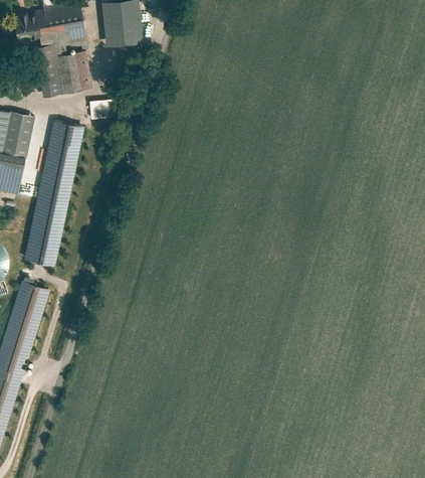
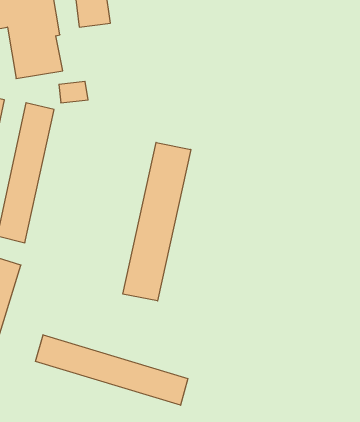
building: none -> [123,142,191,301]
building: none -> [36,335,188,405]

